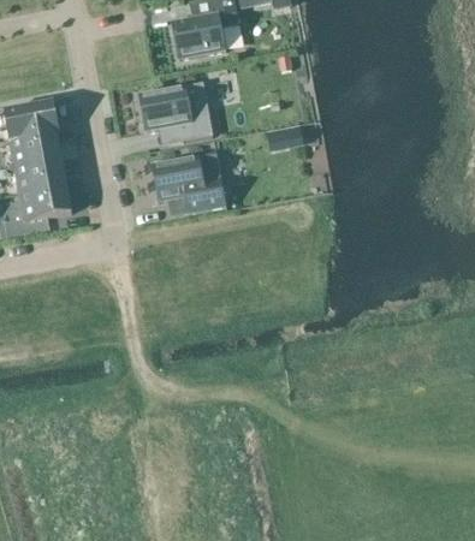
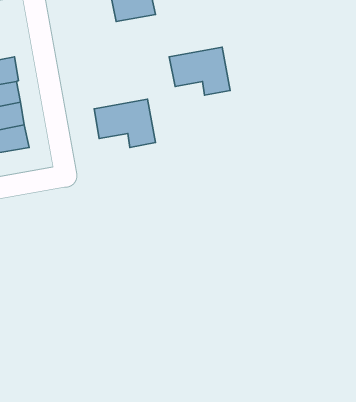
building: [137,82,212,141] -> [169,47,230,95]

